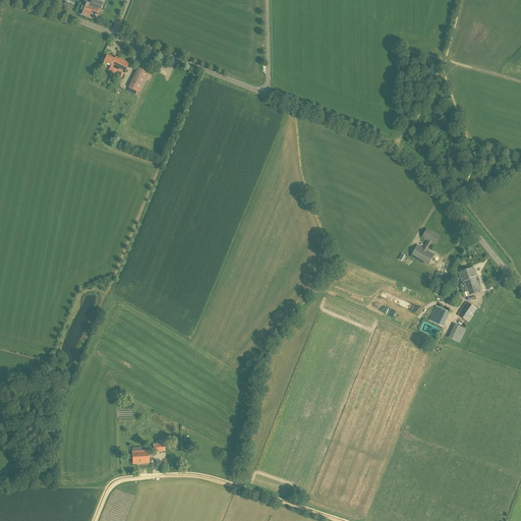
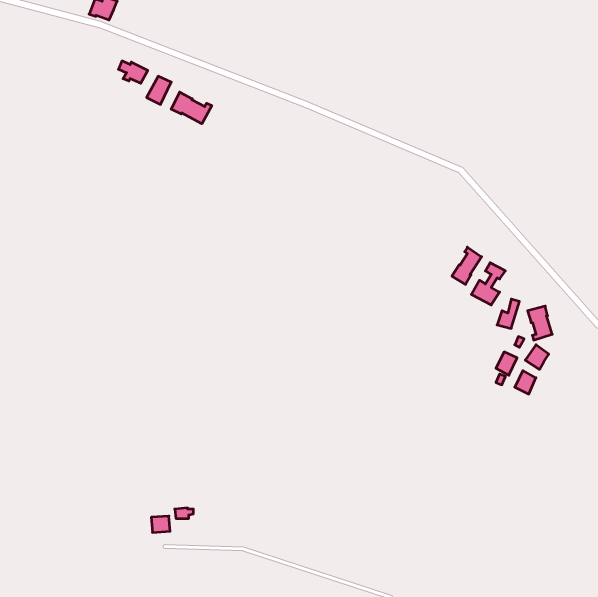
building: none -> [171,92,212,124]
building: none -> [452,247,482,284]

